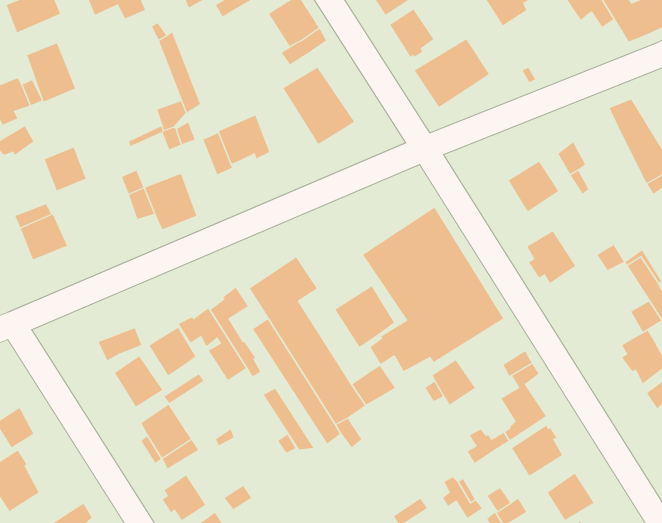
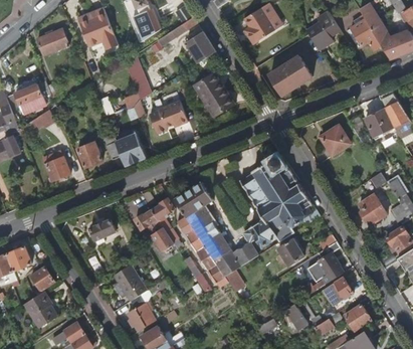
building: [389,8,434,58] -> none
building: [27,43,76,102] -> none
building: none -> [365,110,394,137]
building: [44,147,86,191] -> [77,143,101,168]
building: [526,231,576,284] -> [360,195,388,225]
building: [335,285,395,348] -> none
building: [149,327,196,376] -> none
building: [114,356,163,408] -> none

